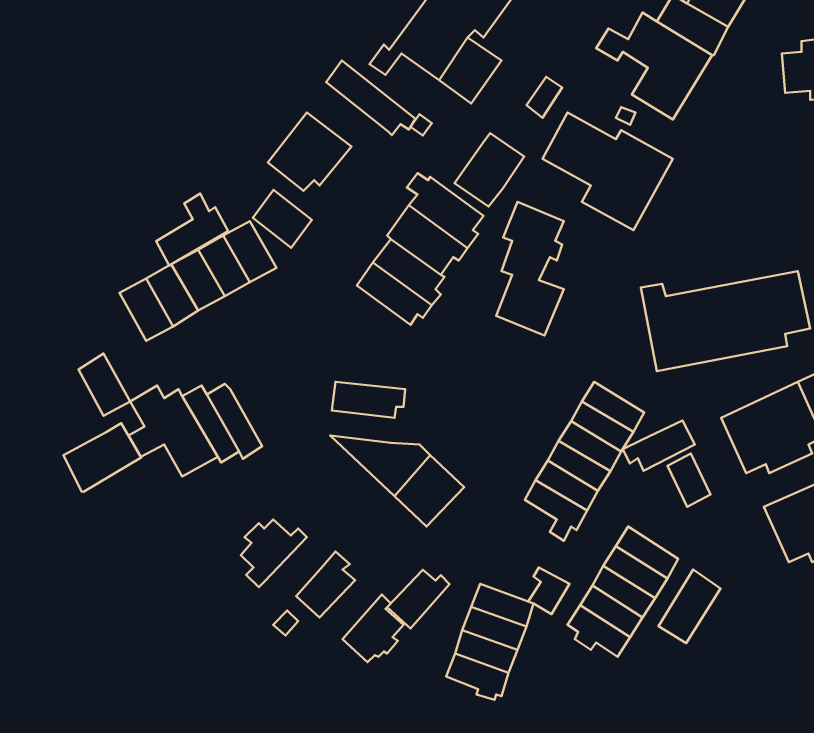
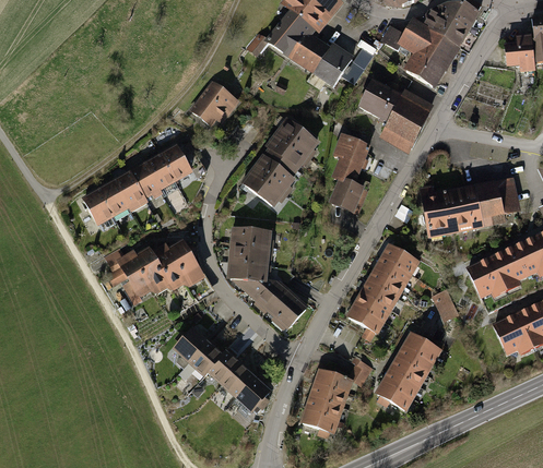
building: [326,61,416,135] -> none
building: [455,133,524,206] -> [312,43,355,87]
building: [253,190,312,248] -> none
building: [156,194,228,265] -> none
building: [78,353,130,416] -> [82,189,114,227]
building: none -> [229,226,273,248]
building: none -> [165,238,204,288]
building: none -> [226,261,270,280]
building: [623,420,695,471] -> none
building: [63,423,141,492] -> none
building: none -> [186,338,222,379]
building: [659,569,720,643] -> none
building: [387,570,450,629] -> [220,364,258,400]

